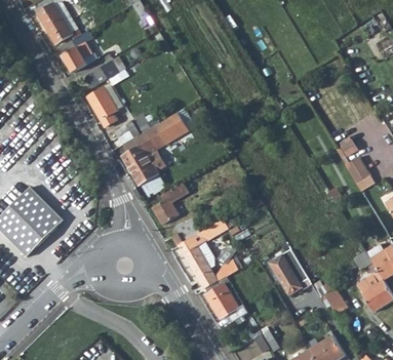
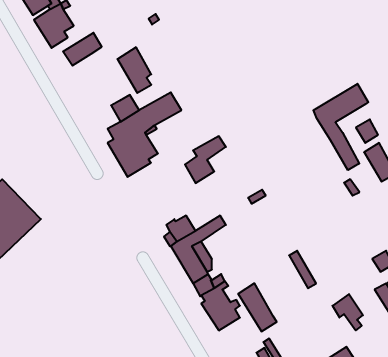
building: [86,86,116,126] -> [117,47,151,93]
building: none -> [313,84,368,170]
building: [152,183,188,224] -> [185,136,226,183]
building: [267,254,301,296] -> [238,283,277,331]

